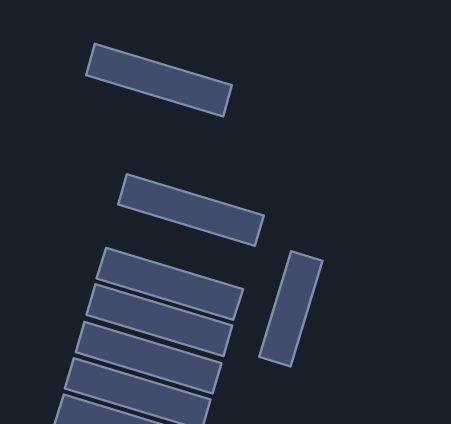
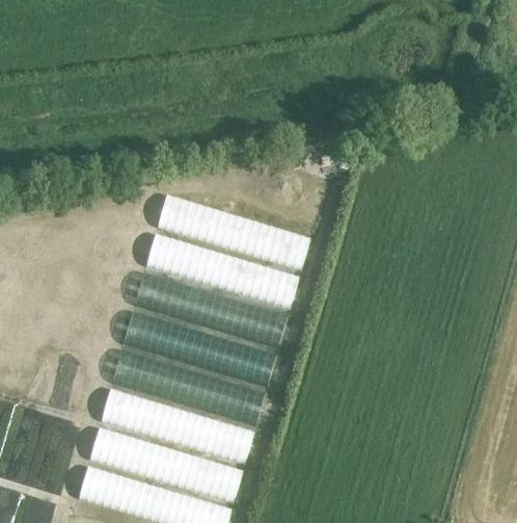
building: [86,44,232,117] -> [157,194,310,271]
building: none -> [134,272,289,348]
building: [259,251,322,367] -> none

